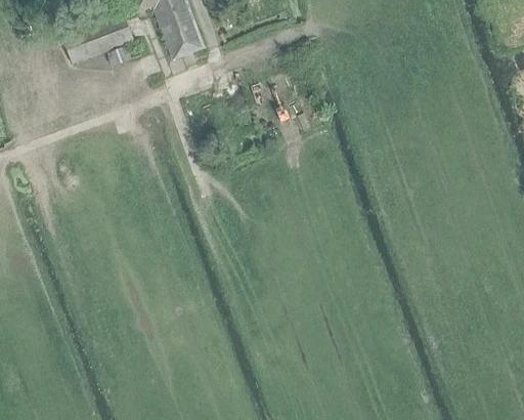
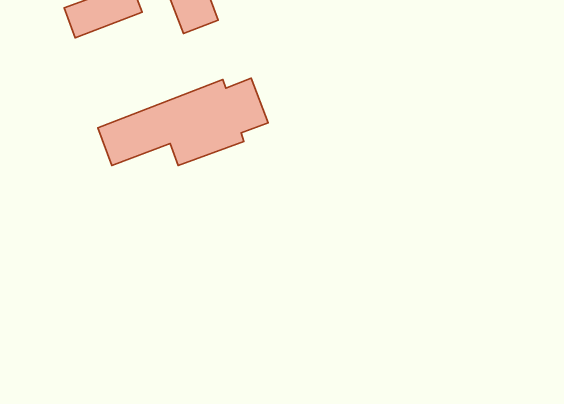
building: none -> [98,78,268,165]

